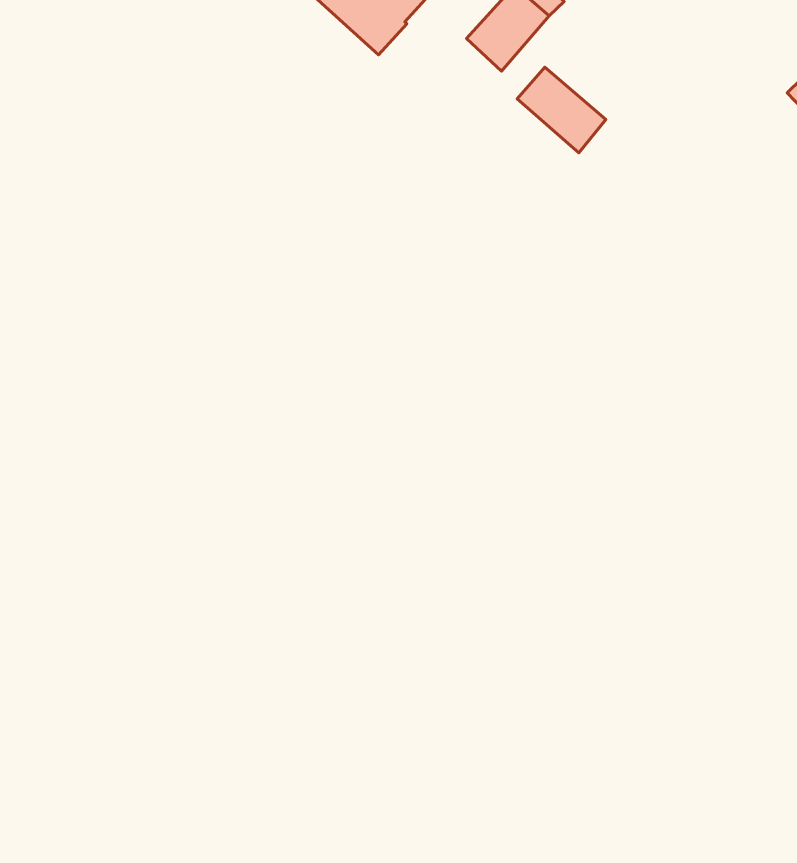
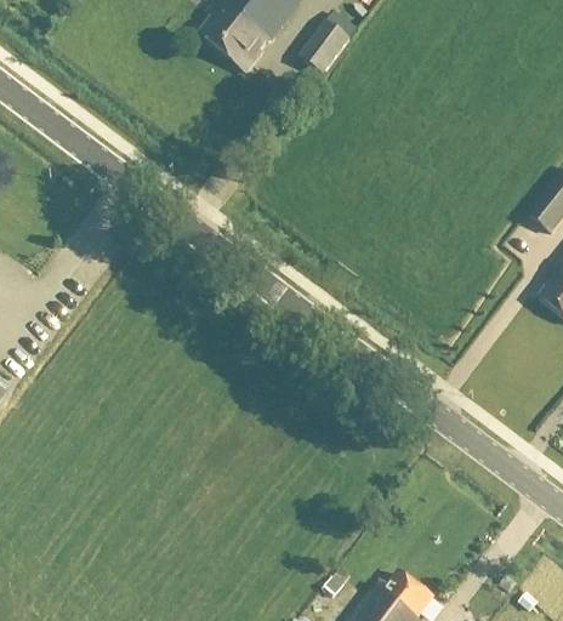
building: [517,67,606,153] -> none

